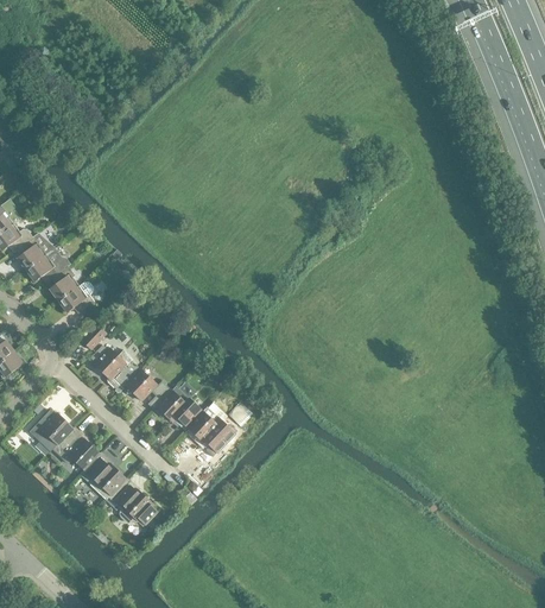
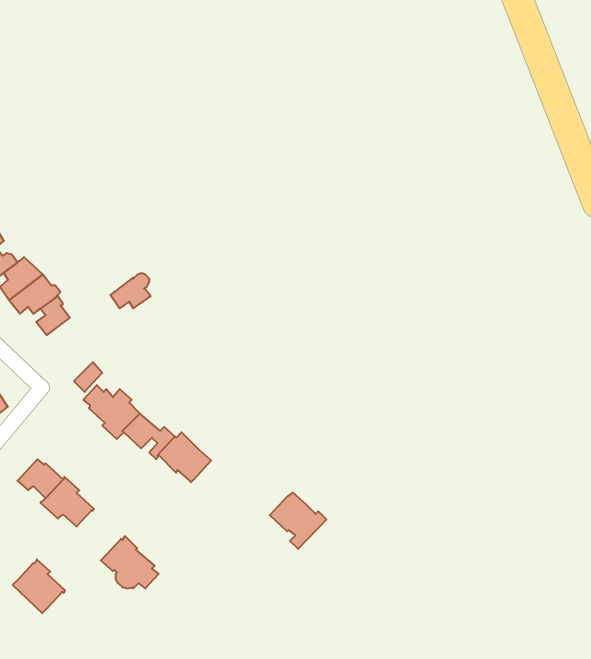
building: [57,281,93,312] -> [110,273,151,308]
building: [186,407,236,457] -> [270,492,326,549]
building: [78,451,125,499] -> [13,559,65,613]

